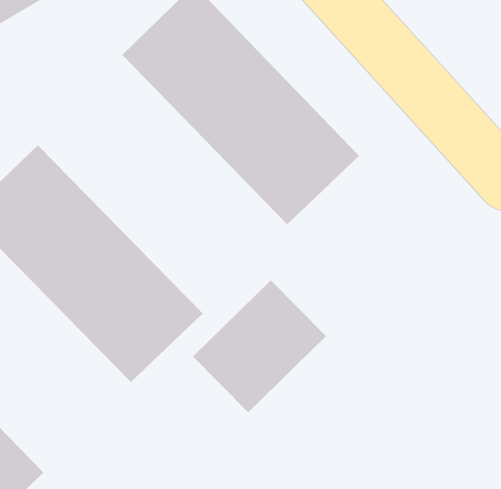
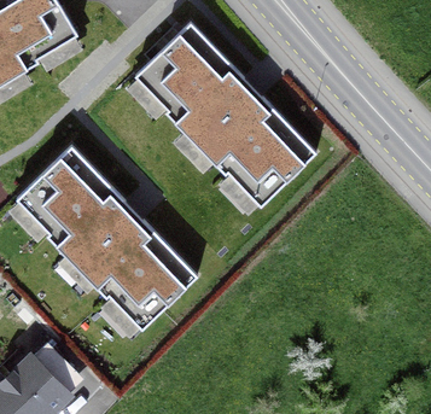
building: [192,279,327,413] -> none

